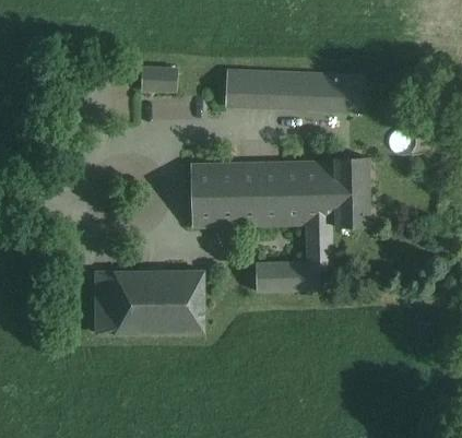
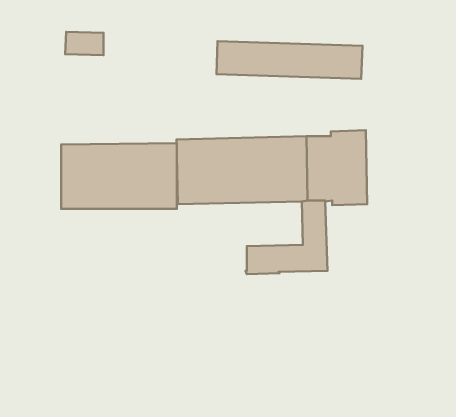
building: [140,64,176,86] -> [65,32,104,55]
building: [95,268,203,329] -> [61,143,177,209]

